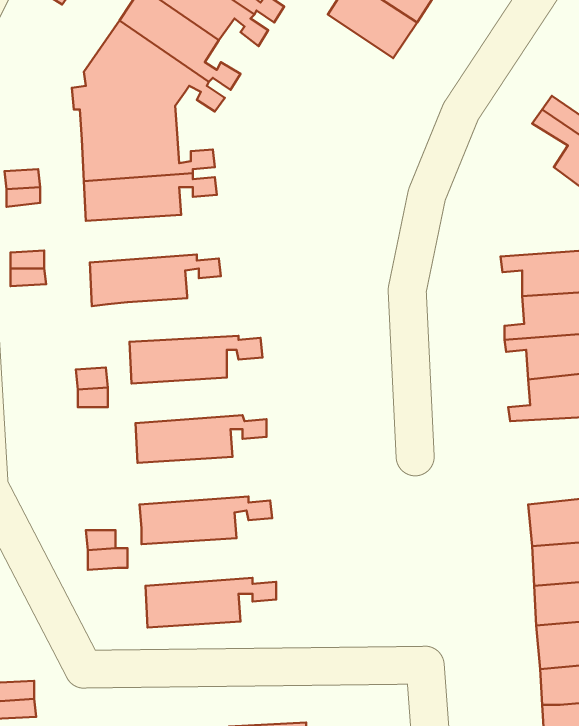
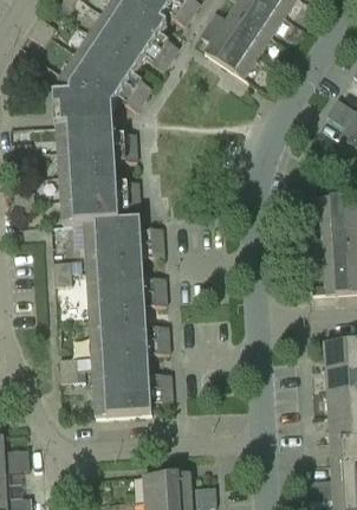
building: none -> [59,170,138,199]
building: none -> [84,218,163,246]
building: none -> [86,267,167,295]
building: none -> [90,315,169,343]
building: none -> [92,363,171,392]

